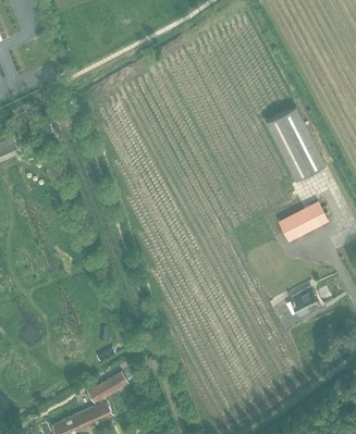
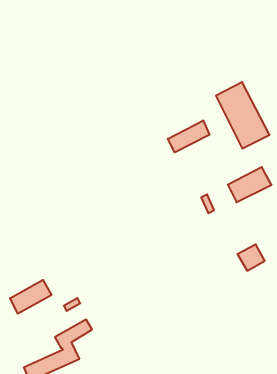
building: none -> [168,120,210,152]
building: none -> [10,280,51,314]

